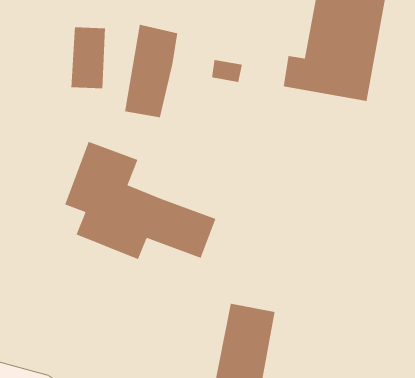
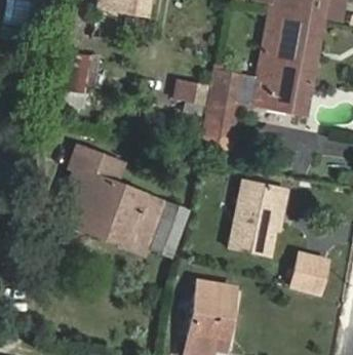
building: [124,24,178,118] -> [200,71,244,148]
building: none -> [228,179,283,255]
building: none -> [288,254,323,293]

